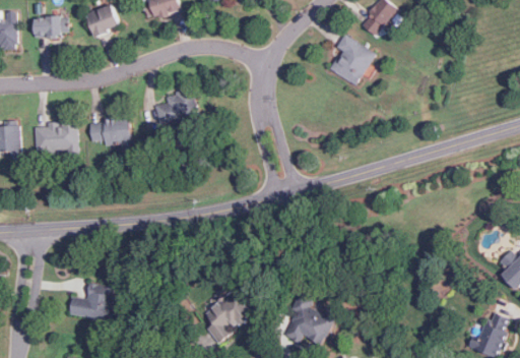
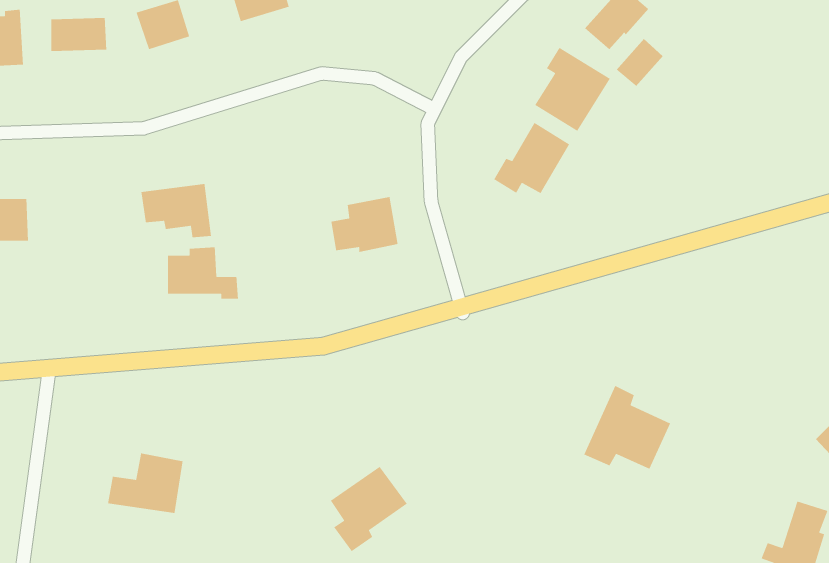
building: none -> [616,38,663,87]
building: none -> [493,122,570,194]
building: [154,90,196,124] -> [330,196,399,253]
building: [35,121,78,154] -> [167,246,239,300]
building: [282,293,336,345] -> [583,385,671,470]

